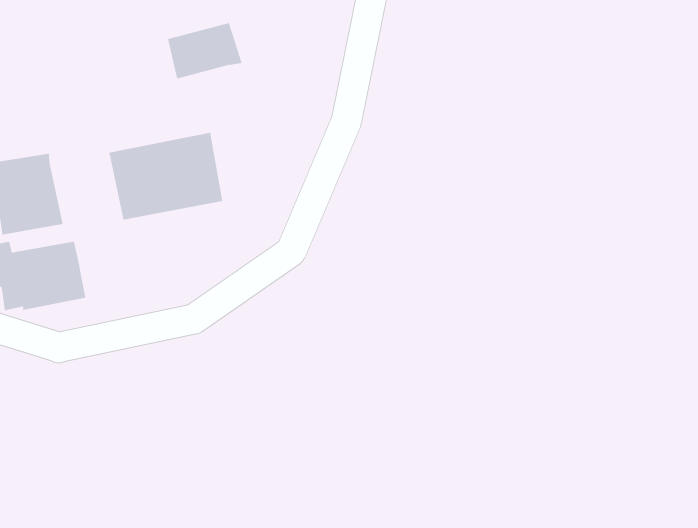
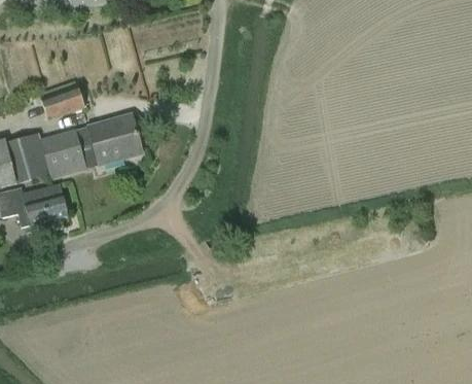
building: [167,23,242,79] -> [40,84,84,119]
building: none -> [40,130,84,177]

